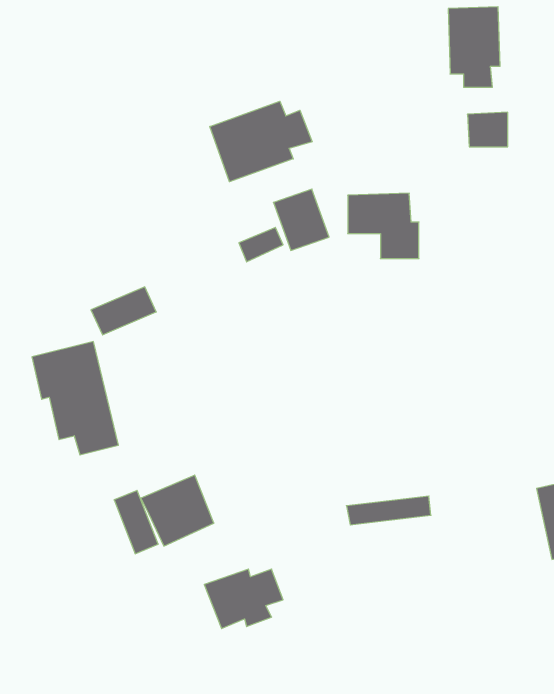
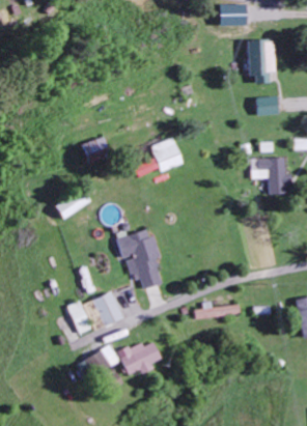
building: [210,101,312,182] -> none
building: [348,193,419,259] -> [253,158,291,193]
building: [32,342,118,455] -> [116,228,163,289]
building: none -> [84,346,118,376]

